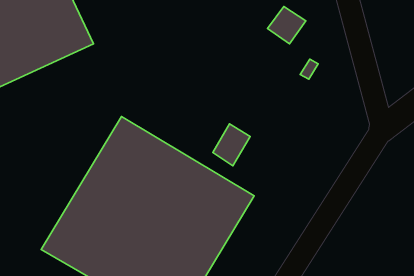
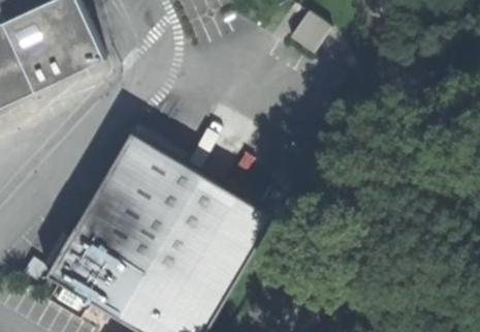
building: [213,124,250,166] -> none

